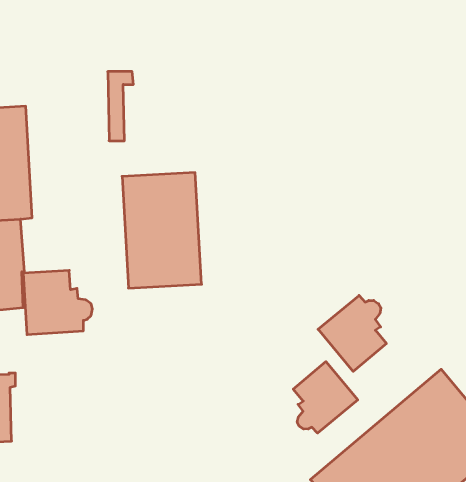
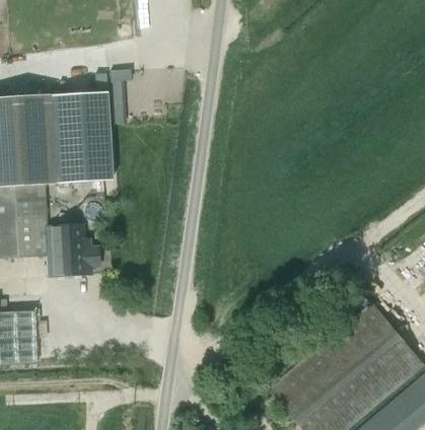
building: [122,173,202,288] -> [46,91,109,183]
building: [318,295,386,371] -> none
building: [293,362,358,433] -> none

